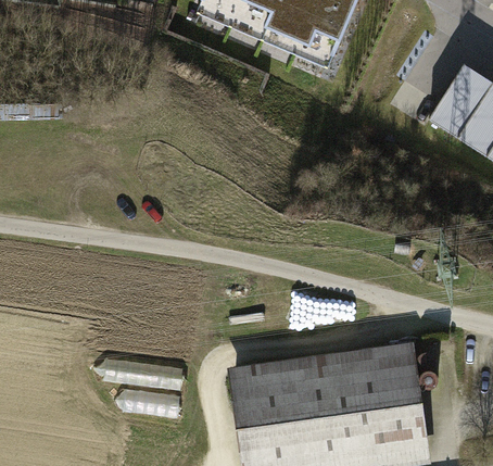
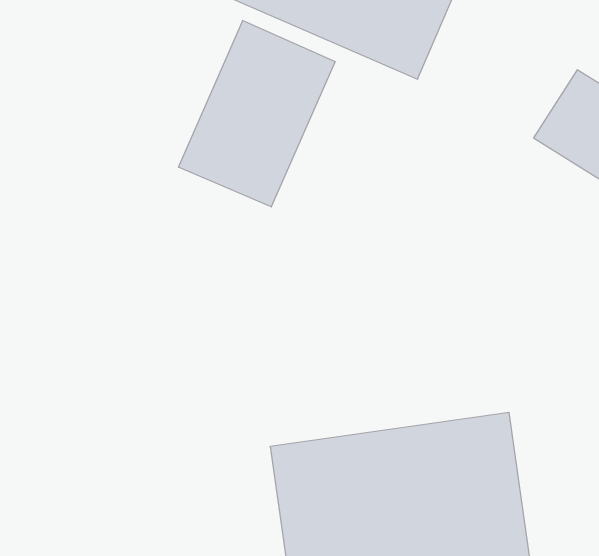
building: none -> [179,20,335,207]

